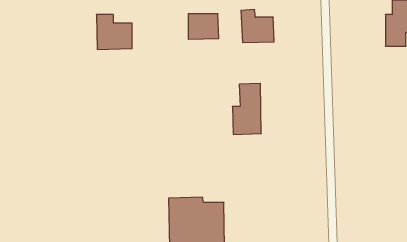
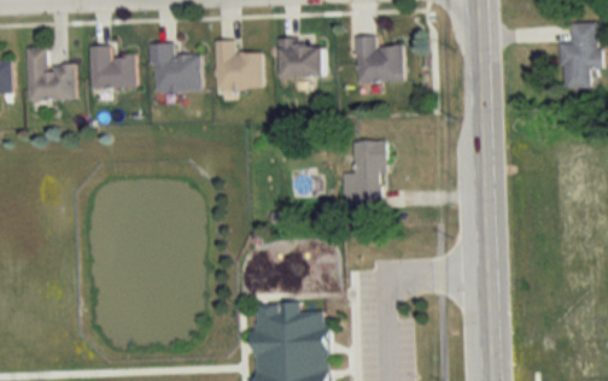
building: none -> [215,41,262,89]
building: none -> [90,46,135,89]
building: none -> [27,47,75,101]

